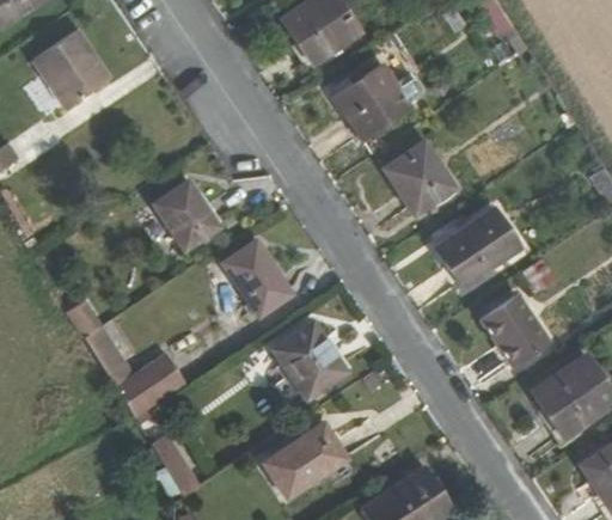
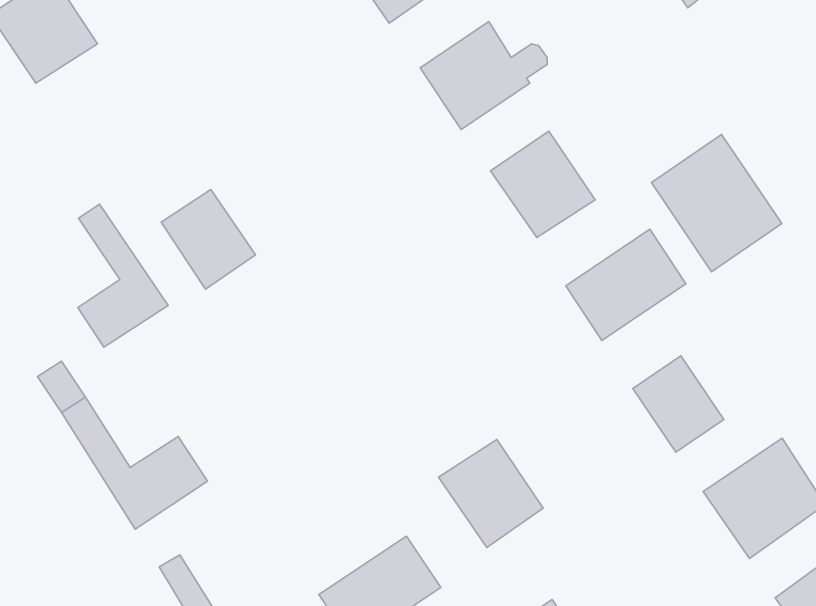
building: none -> [651,134,782,272]
building: none -> [78,204,168,347]
building: [222,239,294,318] -> none
building: [273,323,345,398] -> [439,439,543,548]

